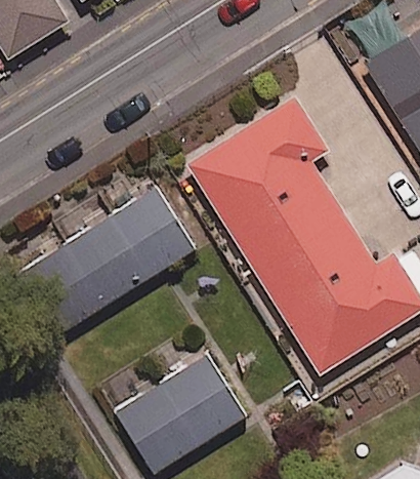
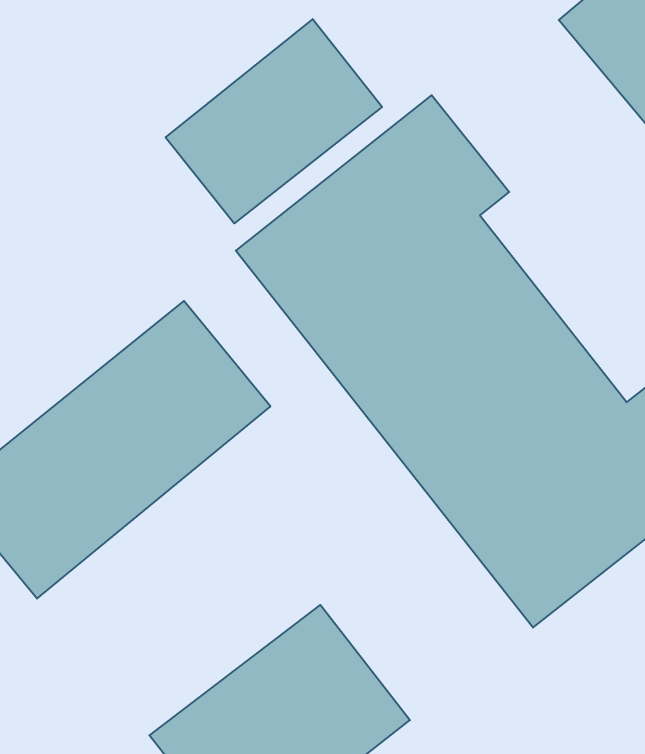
building: none -> [166,19,382,223]

